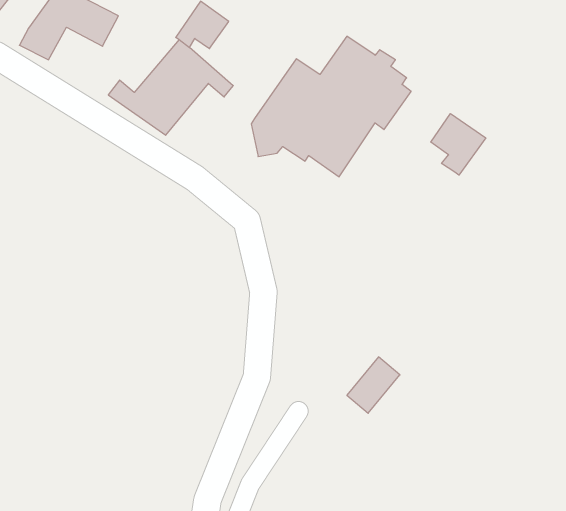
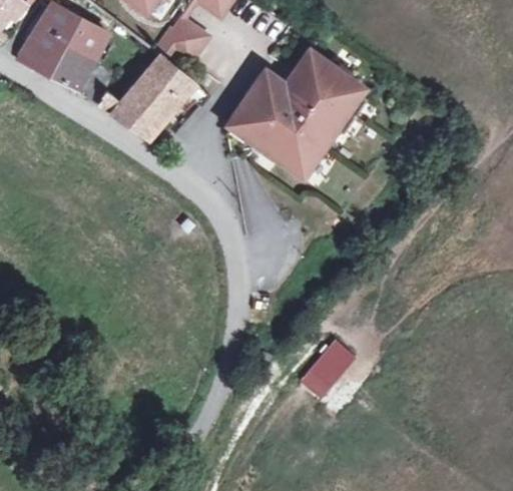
building: none -> [44,42,92,88]
building: [431,114,486,175] -> none

